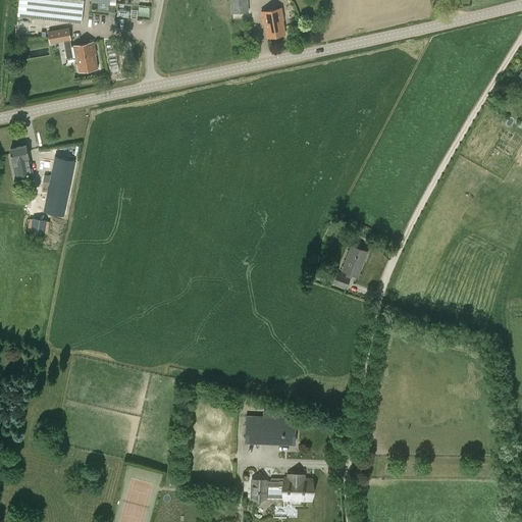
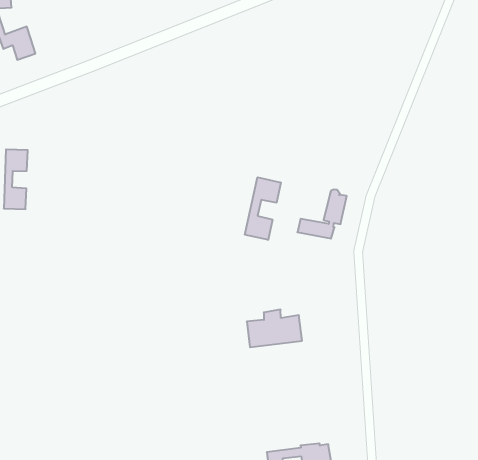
building: none -> [245,177,281,240]
building: [245,411,296,443] -> [247,310,302,347]

